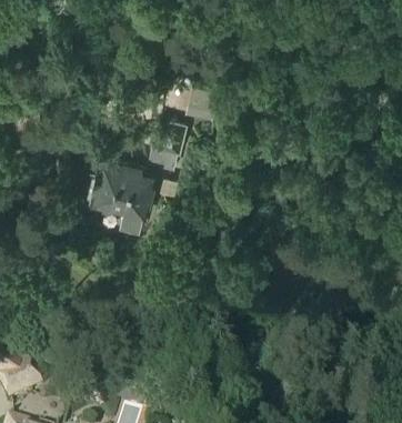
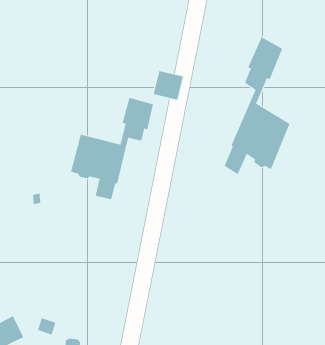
building: none -> [224,36,290,175]

